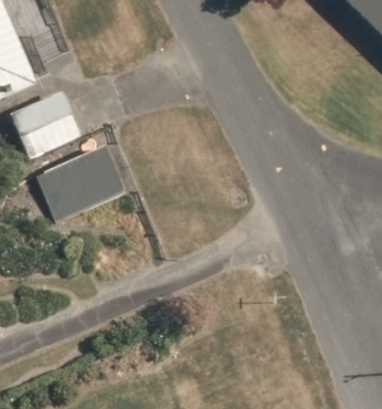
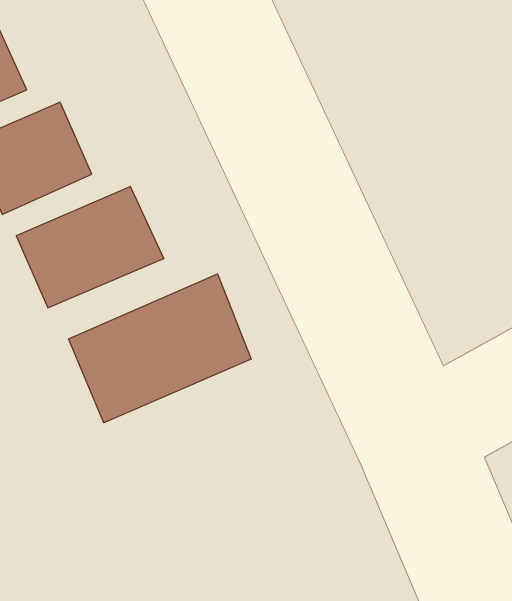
building: none -> [69,274,251,423]

